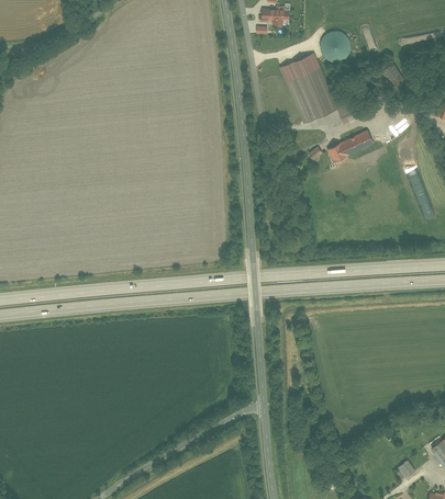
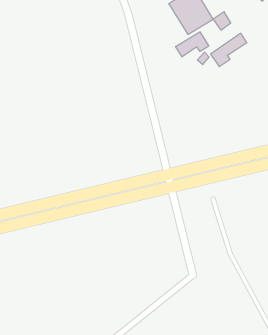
building: none -> [176,32,209,57]

